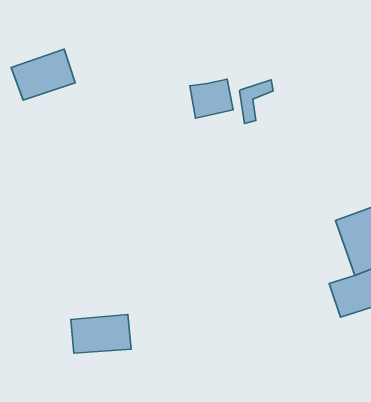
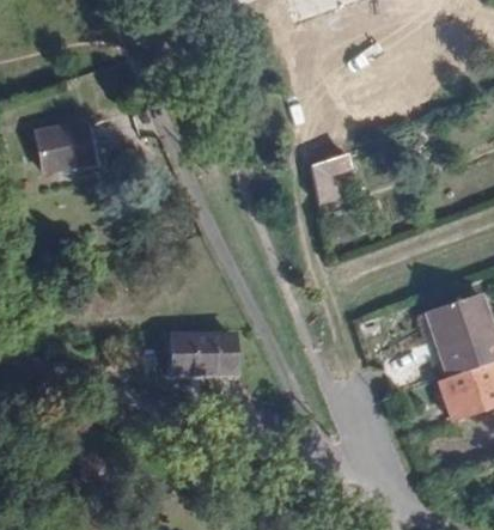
building: [190,79,233,118] -> none
building: [71,314,131,353] -> [176,339,246,384]

